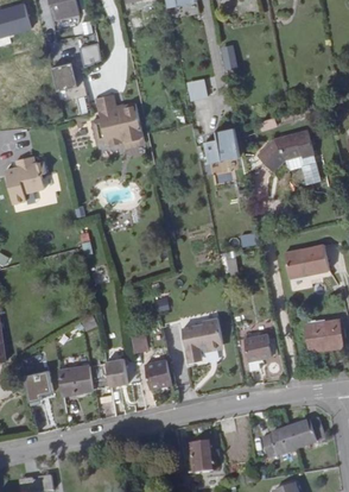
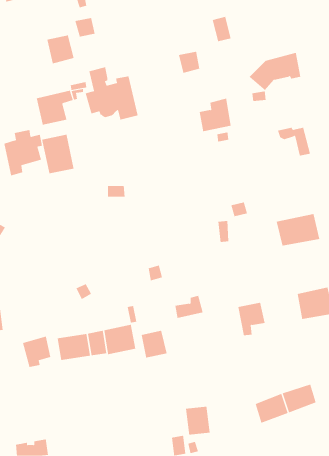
building: none -> [36,90,73,126]
building: [259,131,312,170] -> [249,52,301,91]
building: none -> [42,134,74,174]

